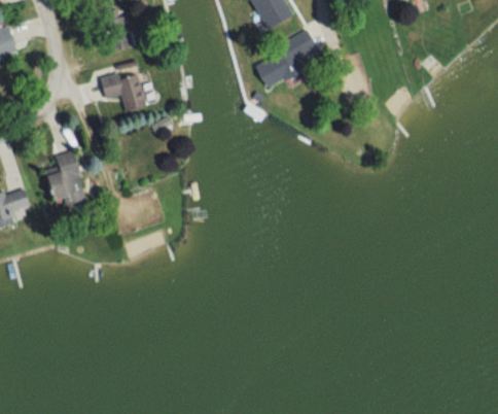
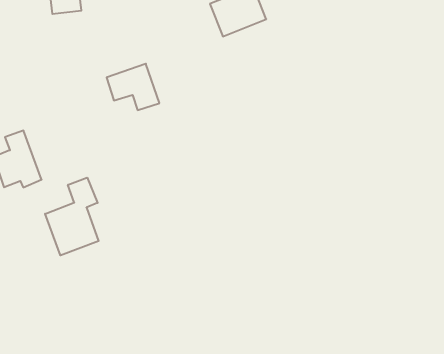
building: [100,69,145,110] -> [107,64,159,110]
building: none -> [45,178,99,255]

